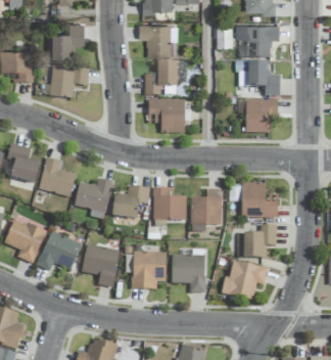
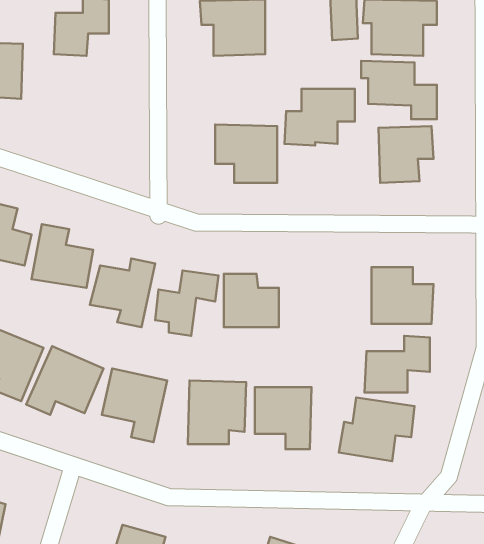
building: [144,61,186,95] -> [284,89,355,146]
building: [50,65,89,97] -> none
building: [190,189,221,231] -> none

